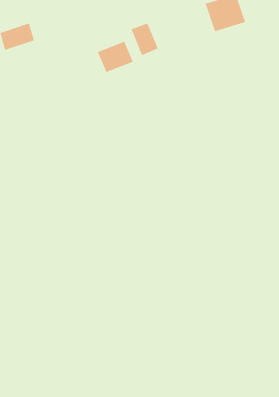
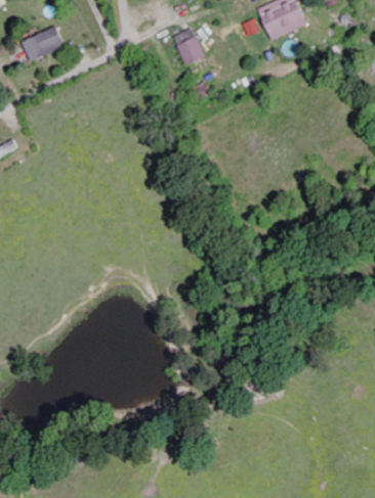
building: [97,41,133,73] -> none

